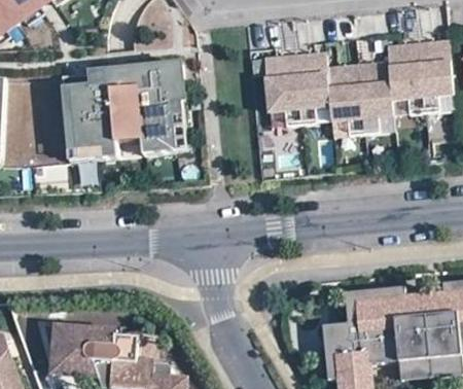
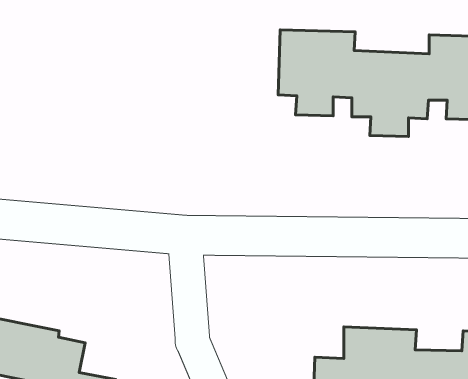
building: [62,65,184,154] -> none

